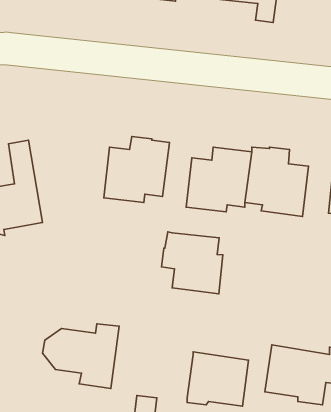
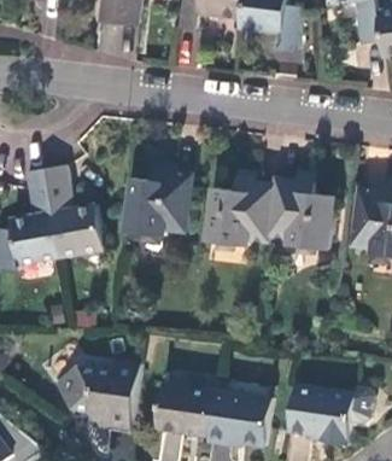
building: none -> [46,168,103,256]
building: [162,232,223,294] -> none
building: none -> [157,384,215,436]

